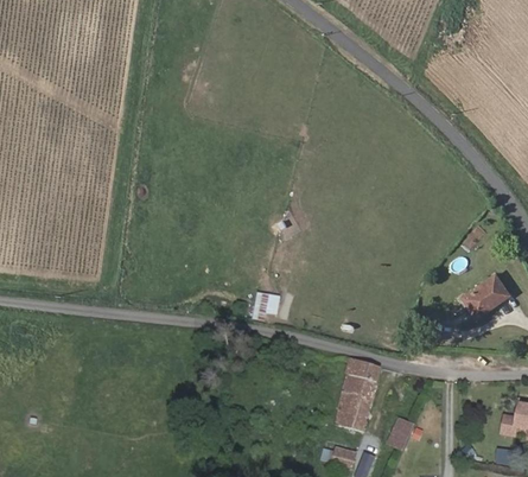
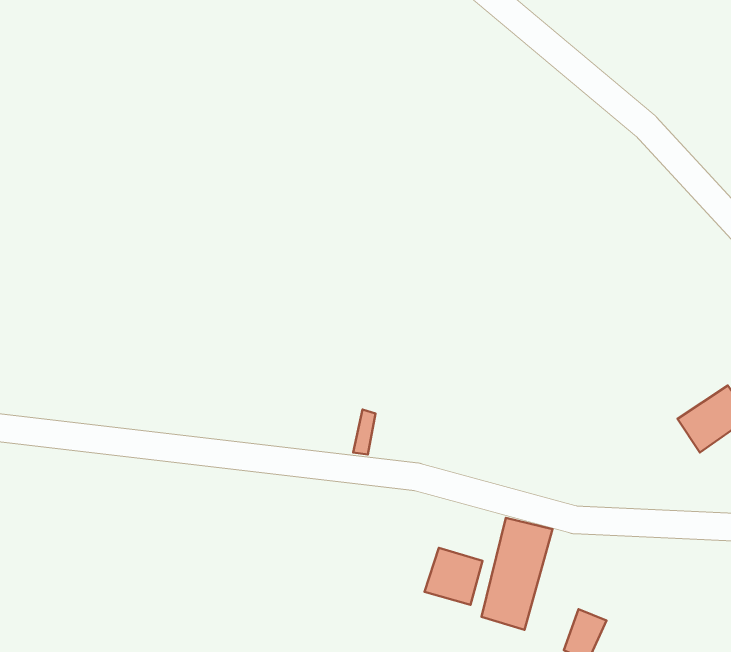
building: none -> [425,548,482,605]

